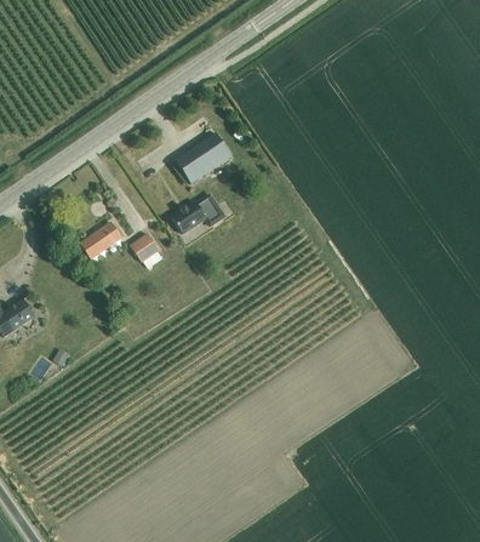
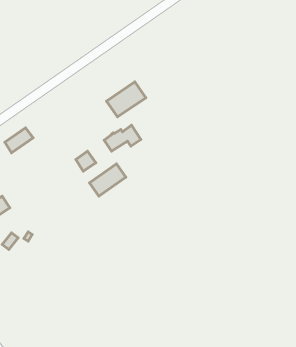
building: [81,222,122,258] -> [5,128,33,153]
building: none -> [89,164,126,196]

